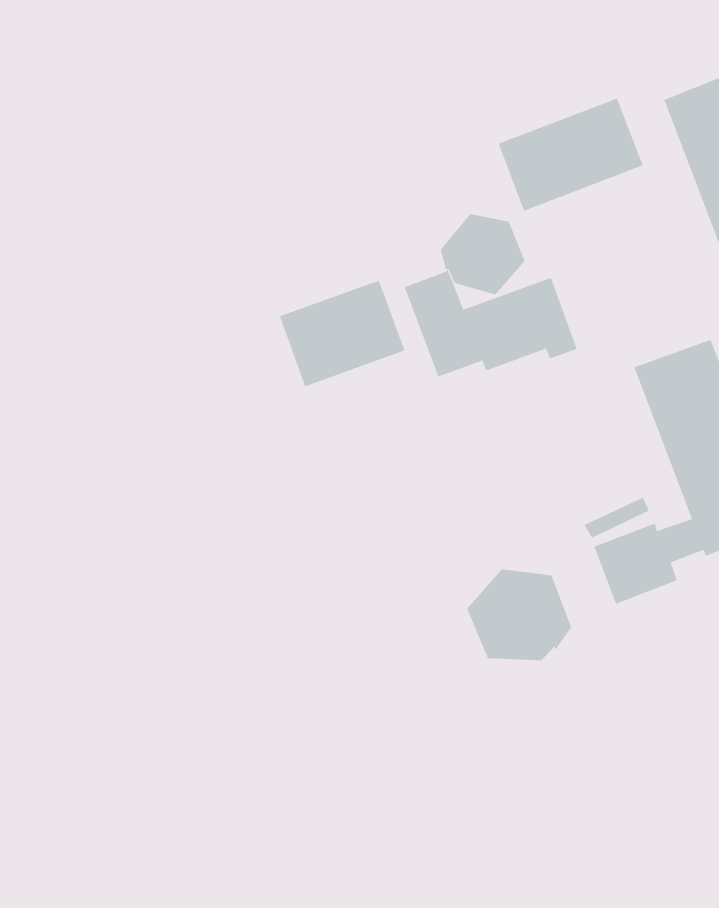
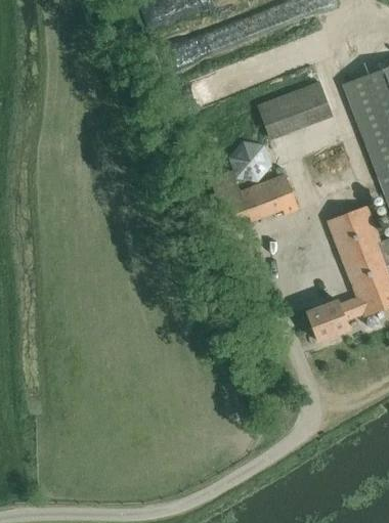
building: [279,280,405,387] -> none
building: [467,569,572,661] -> none

